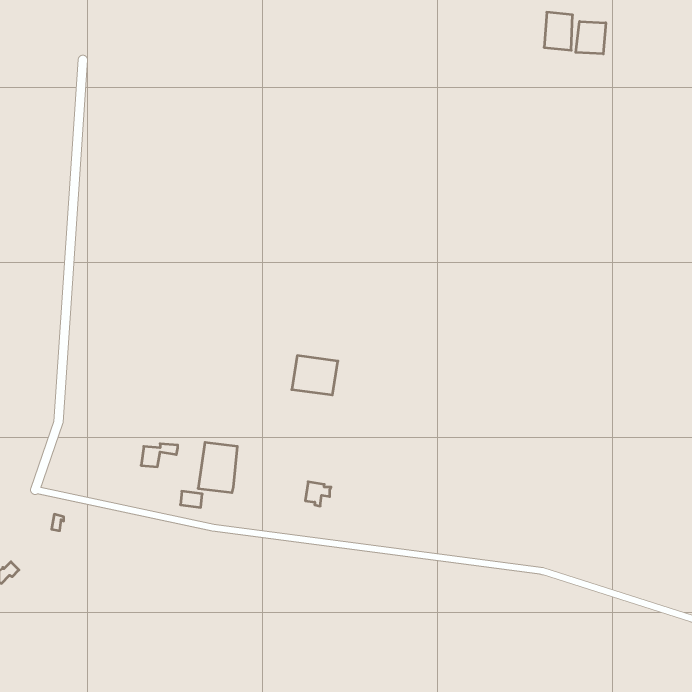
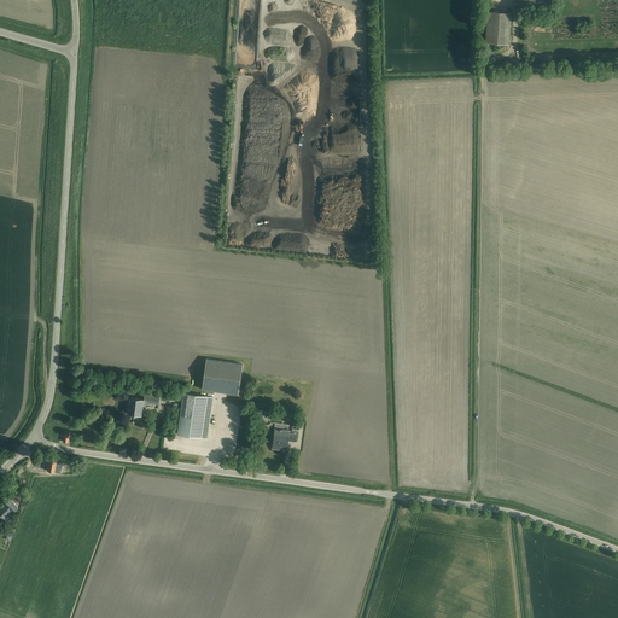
building: [576,21,606,54] -> none
building: [292,356,338,395] -> [200,360,241,395]

